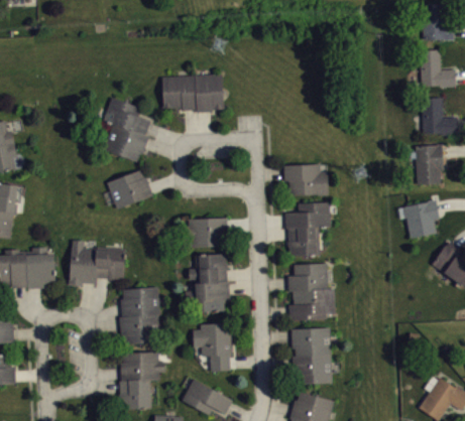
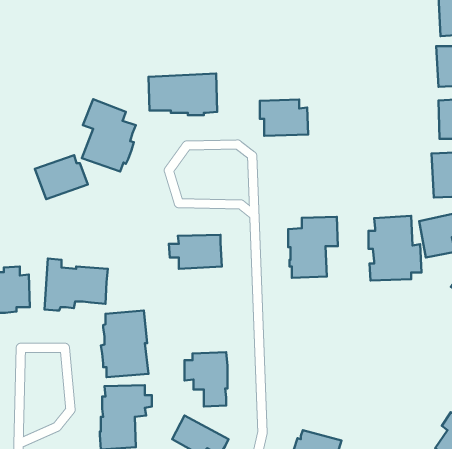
building: [284,164,328,196] -> [260,100,308,136]
building: [106,170,153,209] -> [35,155,88,199]
building: [186,254,230,313] -> none
building: [288,263,336,320] -> [368,216,421,280]
building: [292,328,333,385] -> none

